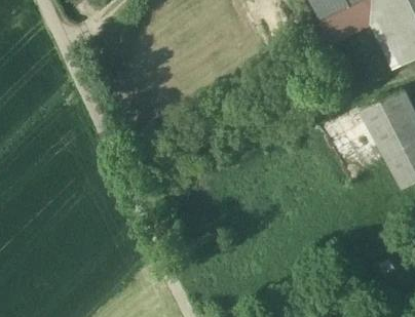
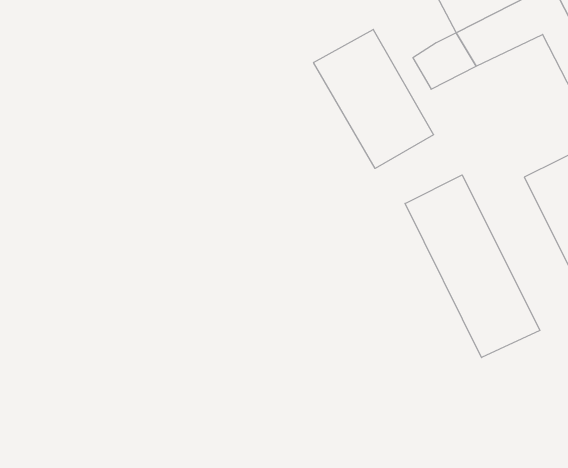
building: none -> [314,29,434,168]
building: none -> [405,175,540,358]

